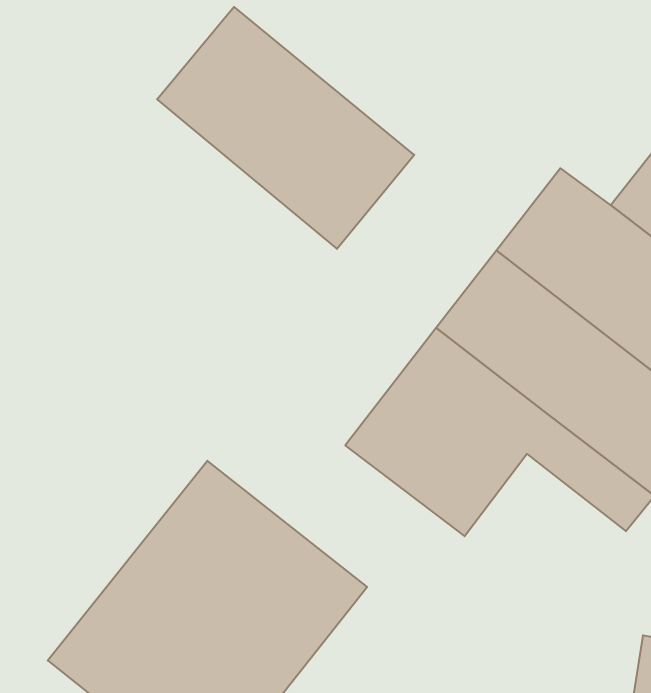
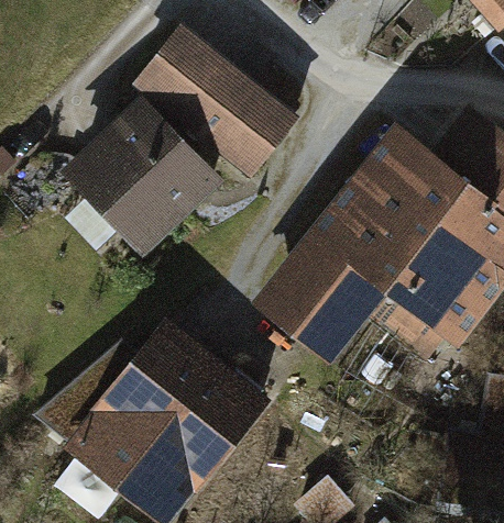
building: none -> [65,92,228,254]

